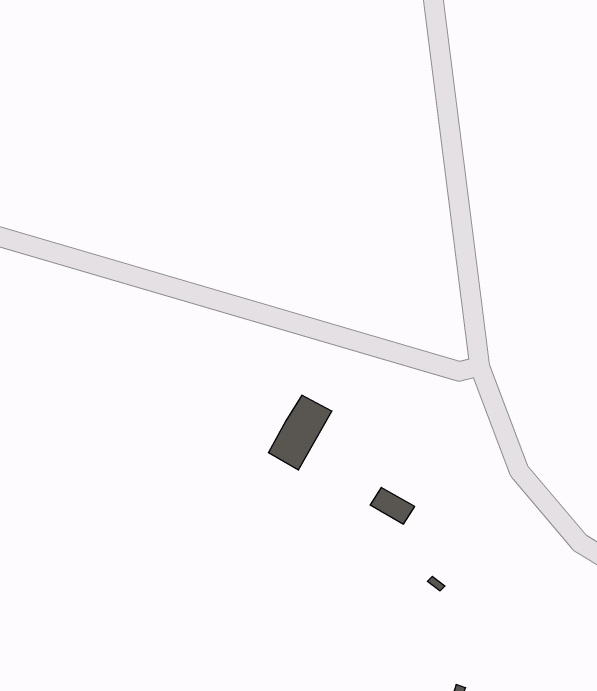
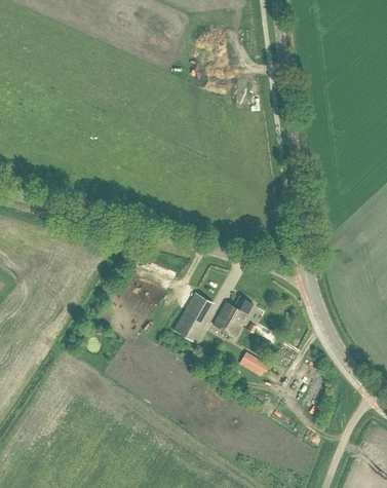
building: none -> [212,297,251,338]

